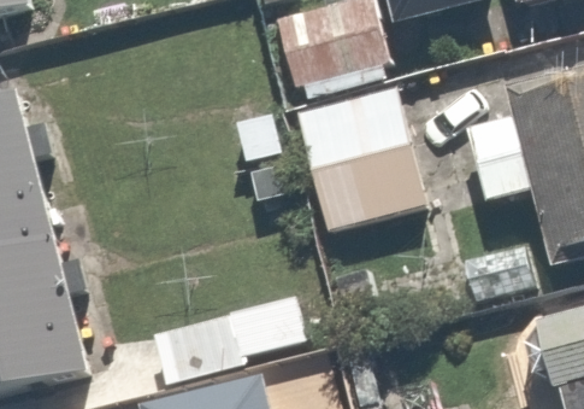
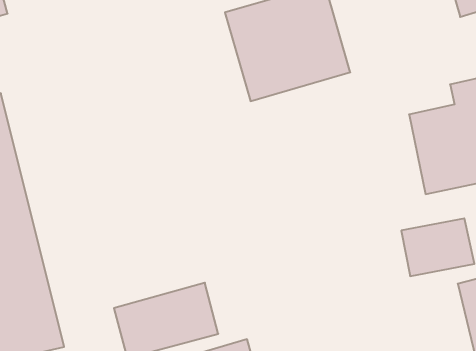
building: [295,82,437,230] -> none

